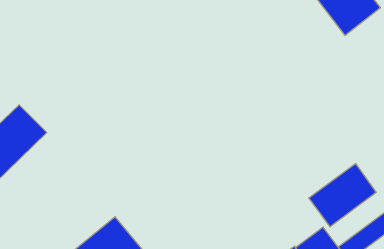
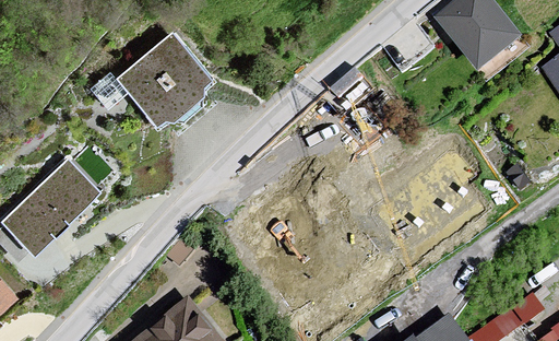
building: none -> [119,35,213,128]
building: [309,164,376,227] -> none

